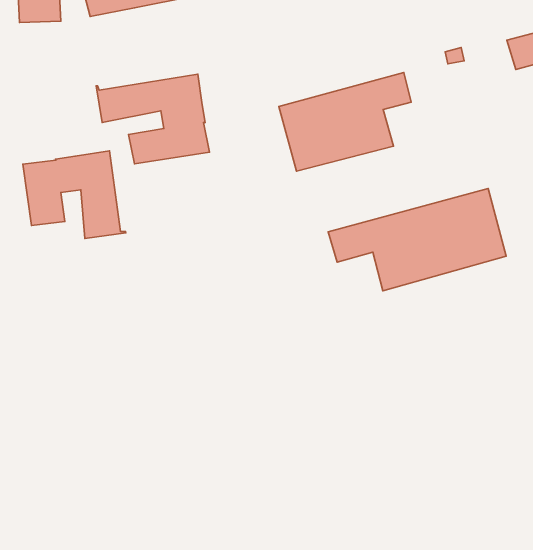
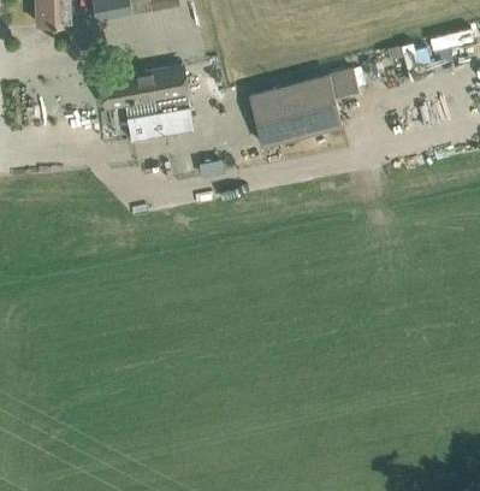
building: [23,151,126,239] -> none
building: [328,188,506,291] -> none

